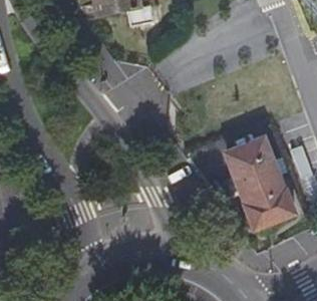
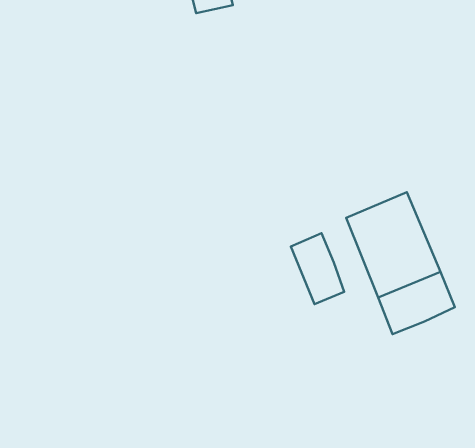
building: none -> [291,233,344,304]

